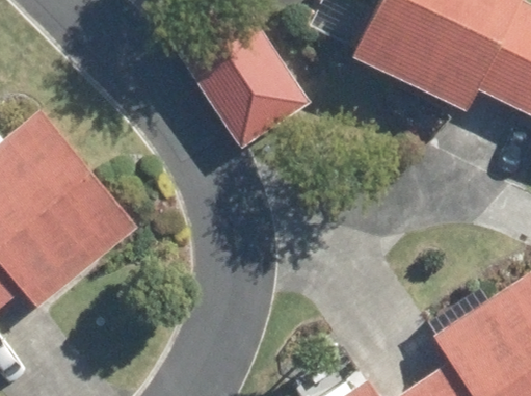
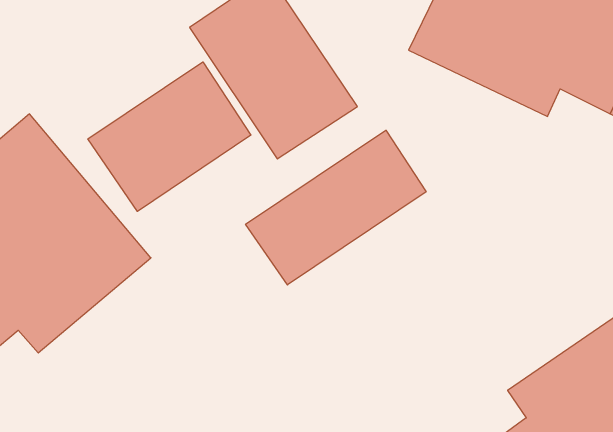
building: none -> [88,62,251,211]
building: none -> [246,130,426,285]

